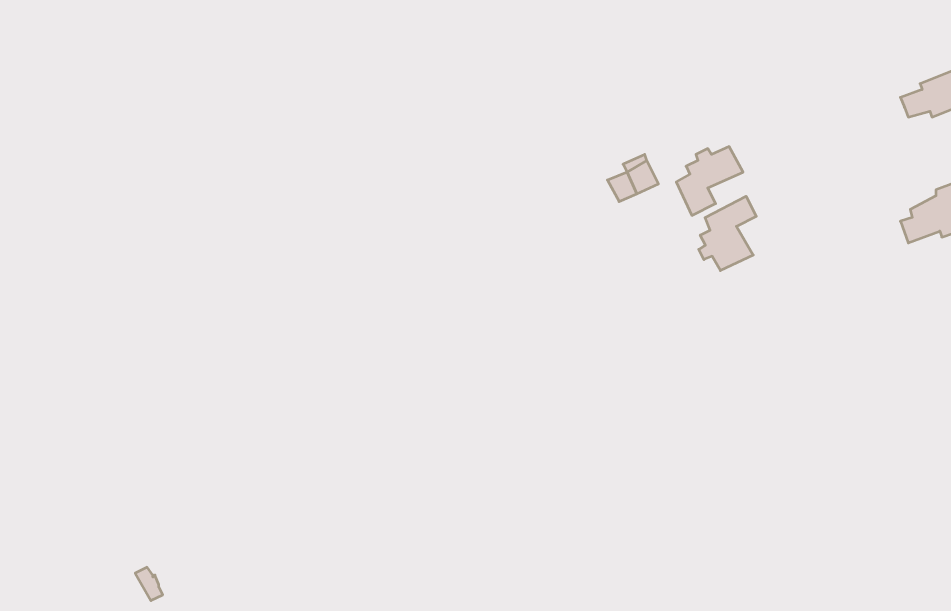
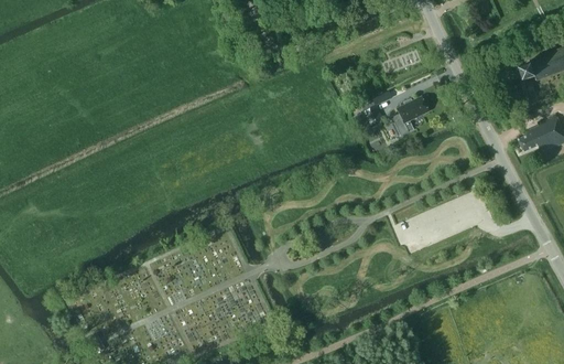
building: [699,196,756,271] -> none

